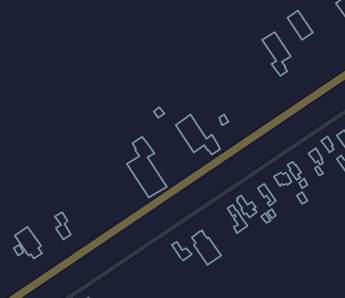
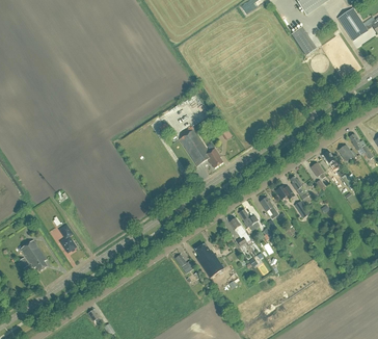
building: [262,32,291,76] -> none
building: [127,137,167,198] -> none

